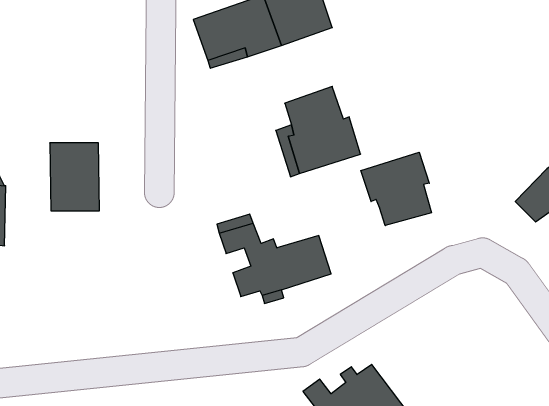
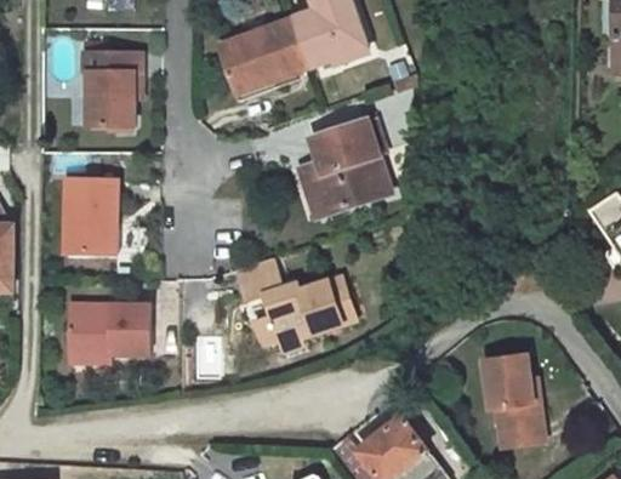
building: none -> [79,51,138,124]
building: [361,152,432,226] -> none
building: none -> [68,304,149,364]
building: none -> [495,355,548,439]

